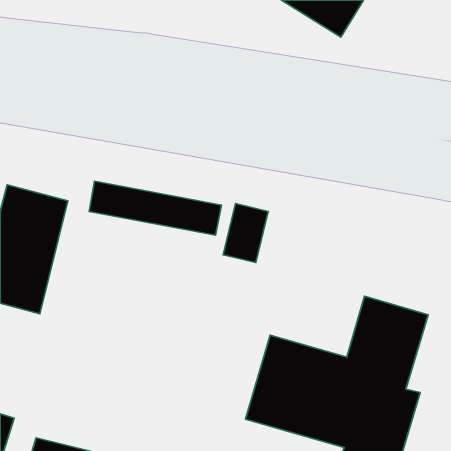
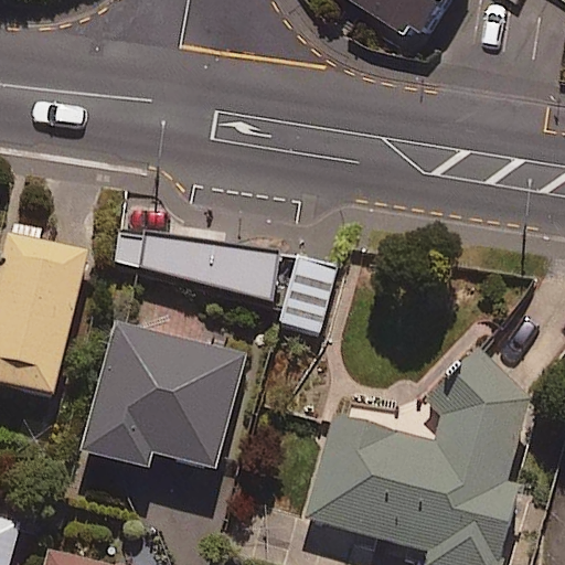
building: none -> [79,321,242,468]

